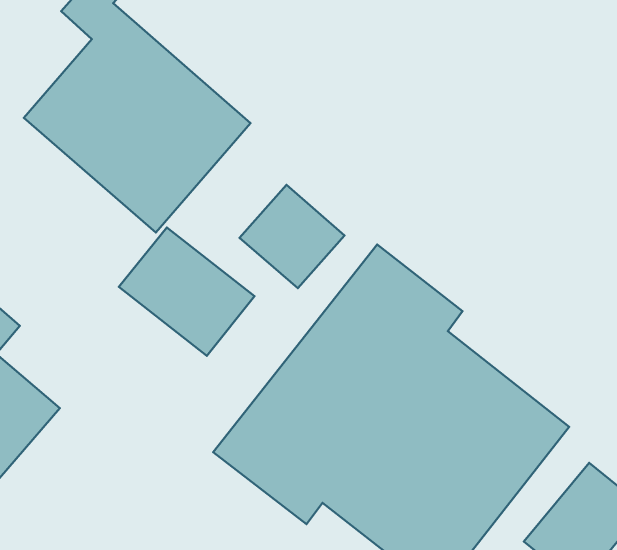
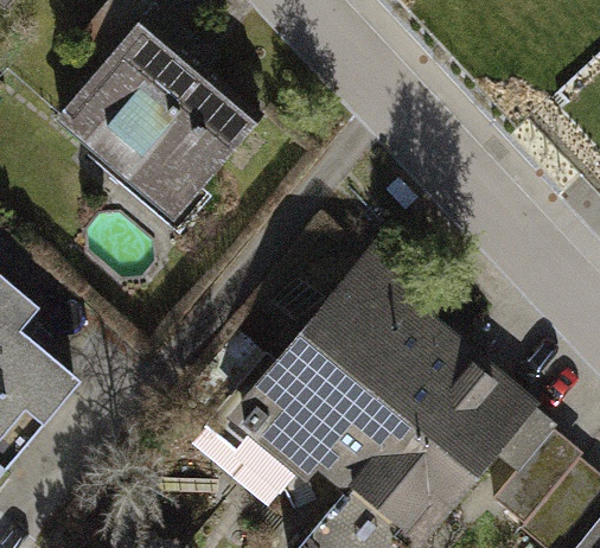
building: [240,185,344,288] -> none
building: [119,227,255,356] -> none

